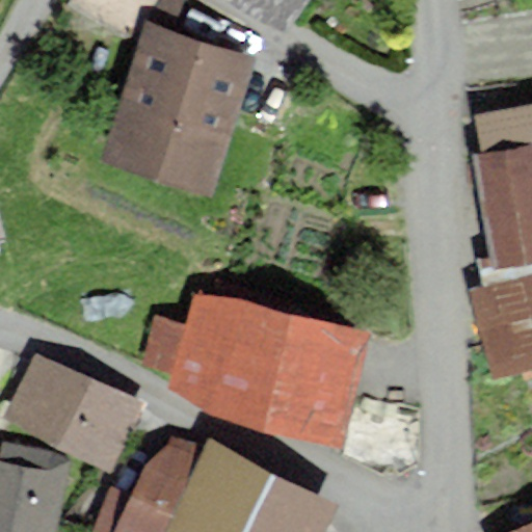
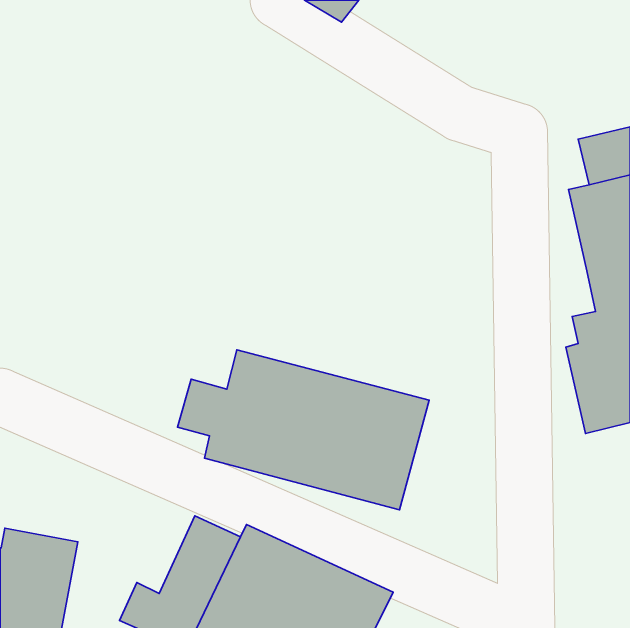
building: [110,30,247,187] -> none
building: [10,357,143,463] -> none

